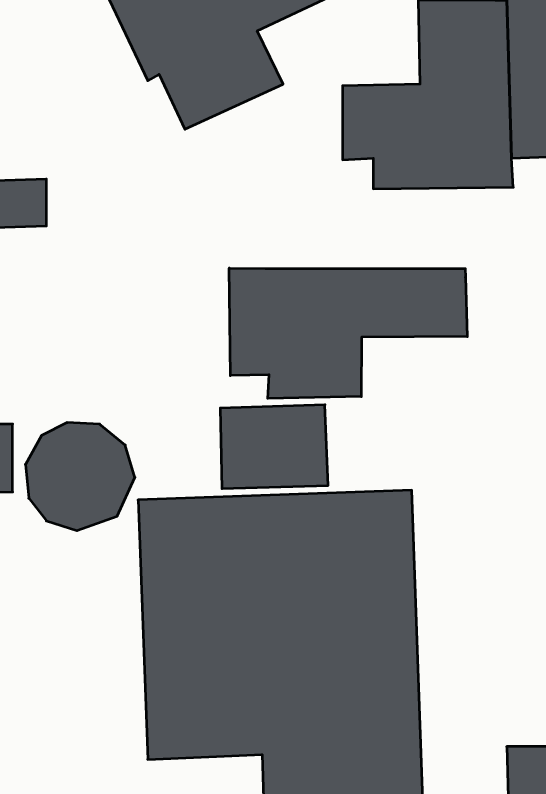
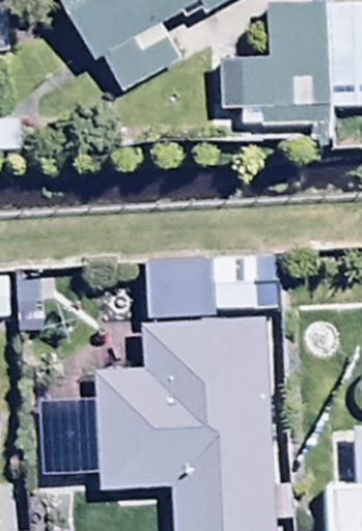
building: [229,268,467,398] -> none

